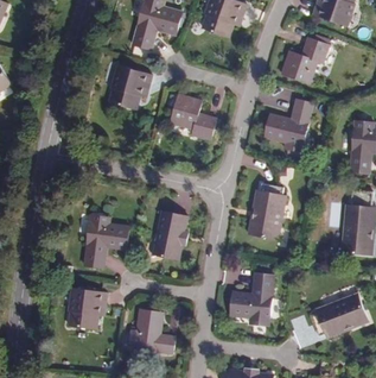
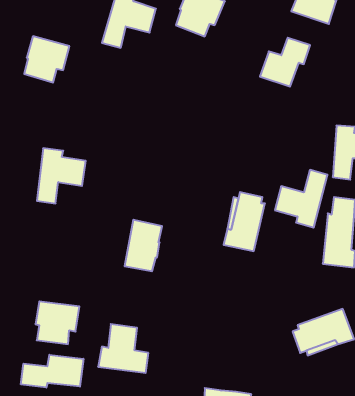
building: [109,63,152,107] -> [24,36,69,83]
building: [171,94,217,139] -> none
building: [263,97,313,152] -> [275,170,328,228]
building: [83,214,129,266] -> [37,148,86,203]
building: [229,273,274,326] -> none
building: none -> [21,355,83,388]

